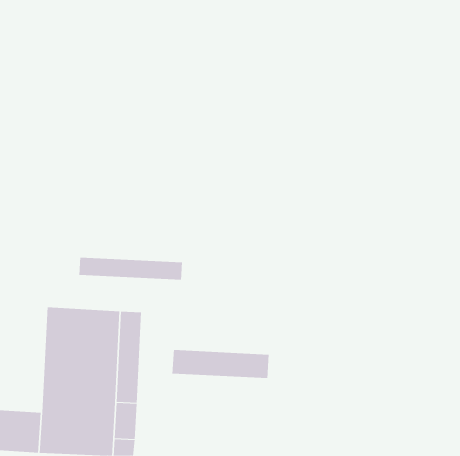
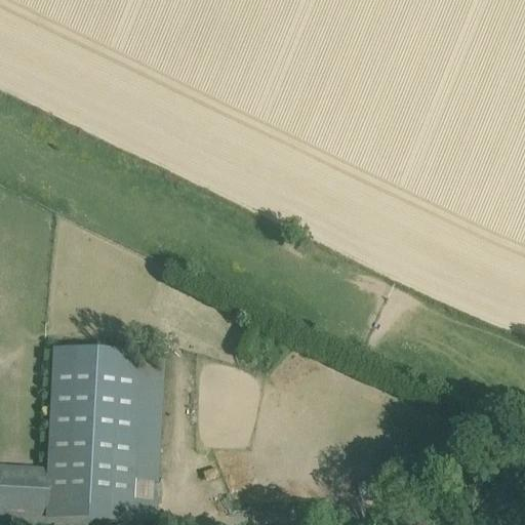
building: [79,257,183,280] -> none
building: [172,349,269,379] -> none

